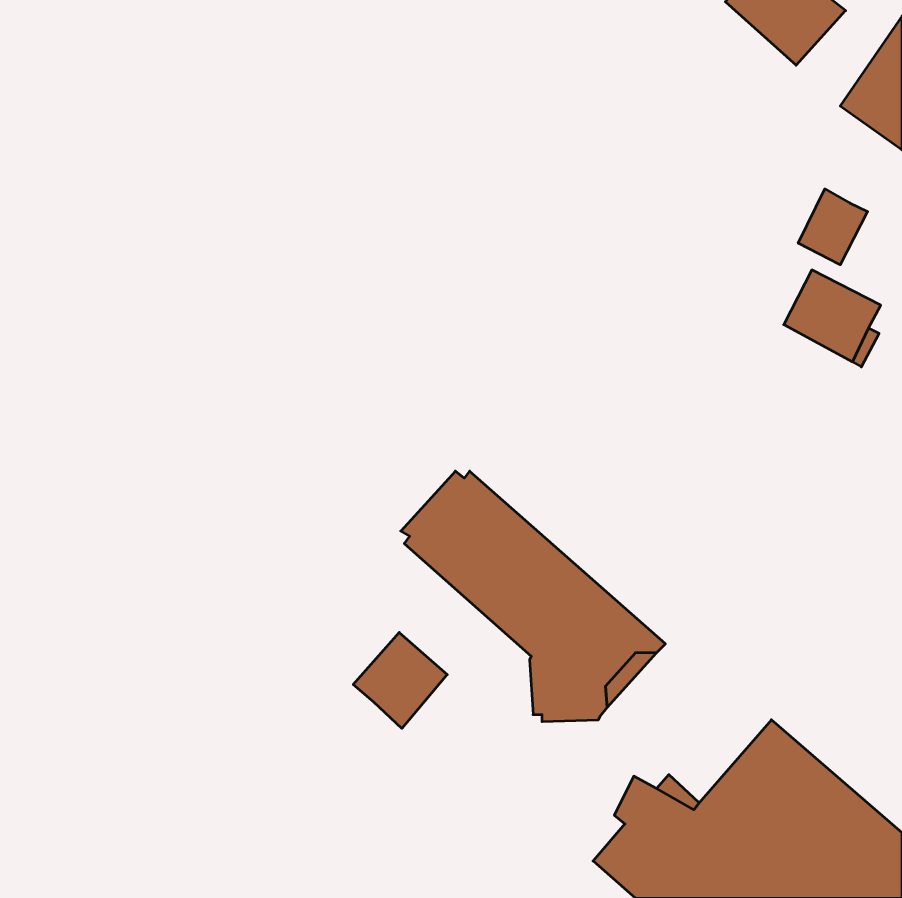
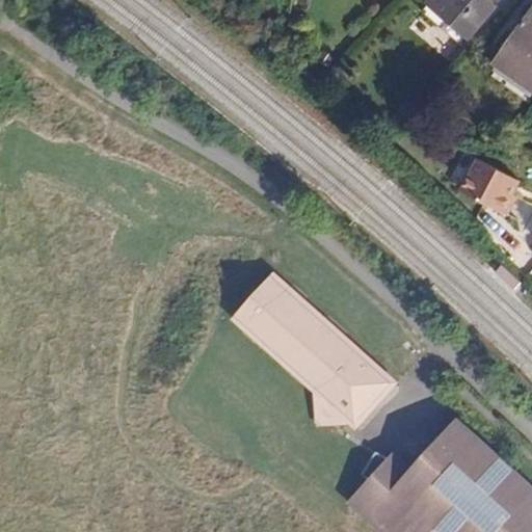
building: [798,189,868,265] -> none
building: [353,632,447,728] -> none

